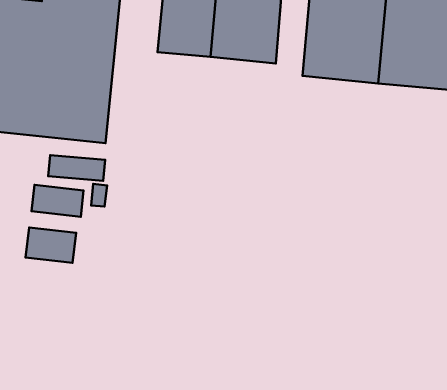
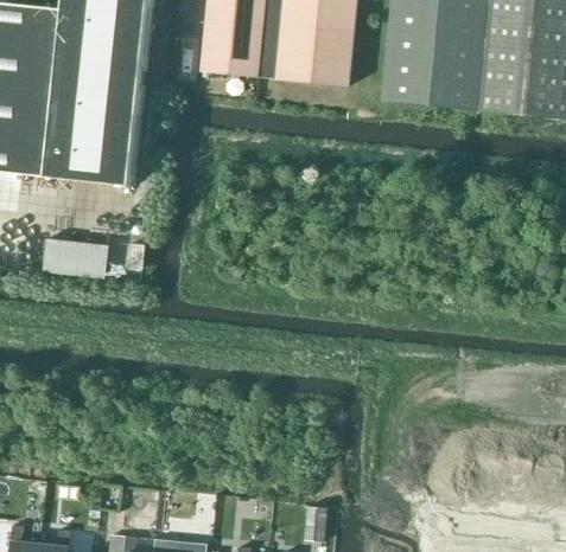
building: [48,155,105,181] -> none
building: [26,227,76,263] -> none

